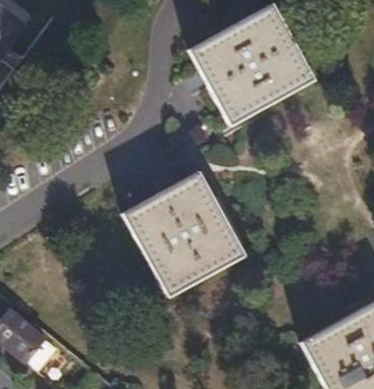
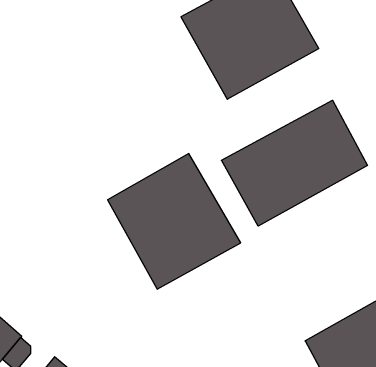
building: none -> [221,100,367,226]

